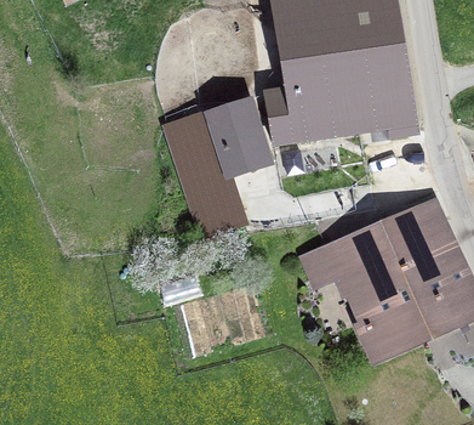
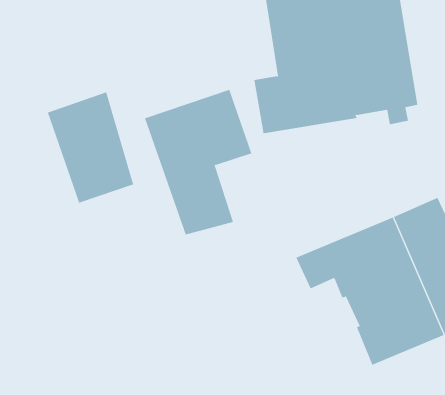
building: none -> [47,92,134,204]

